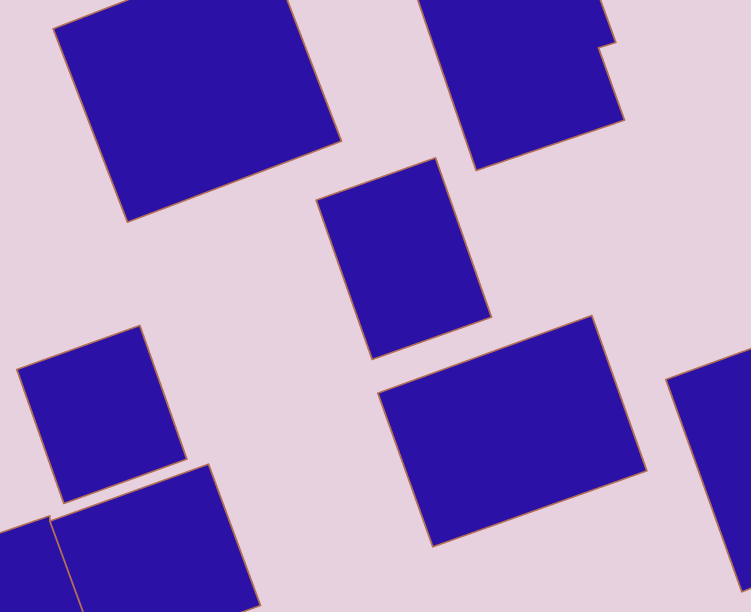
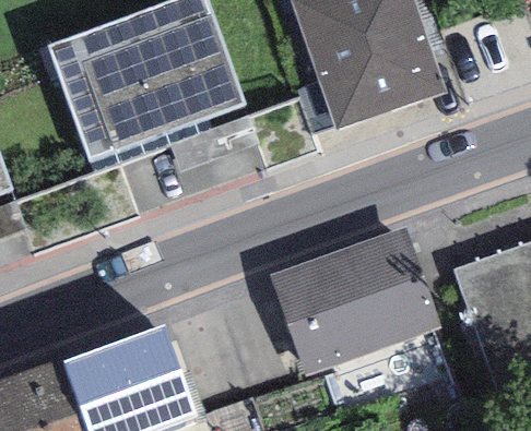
building: [316,158,491,359] -> none
building: [17,325,187,503] -> none

